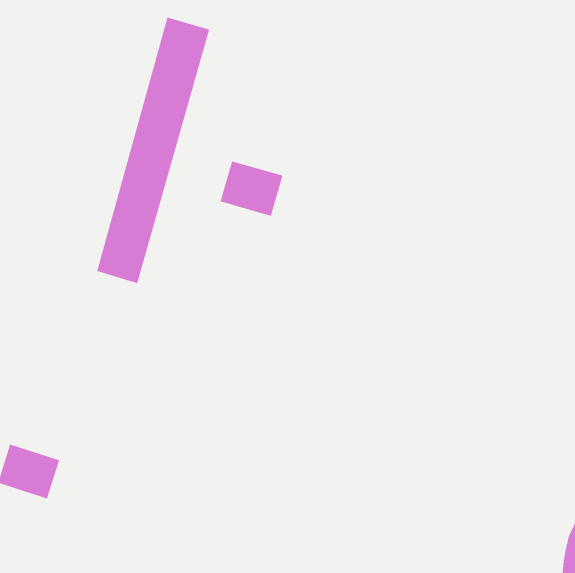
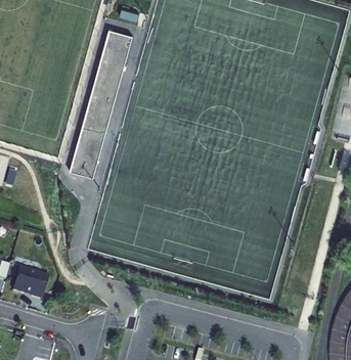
building: [220,160,283,217] -> none

